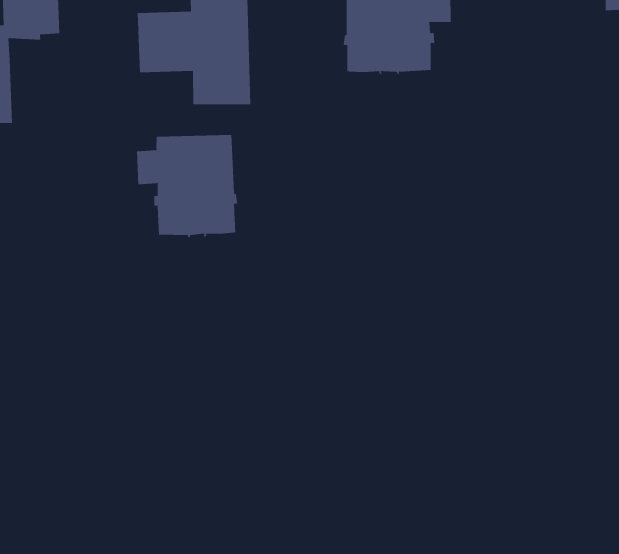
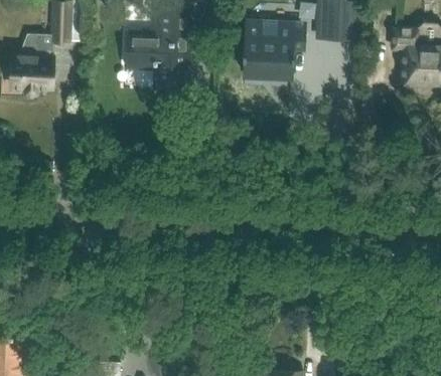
building: [137,134,238,238] -> none

